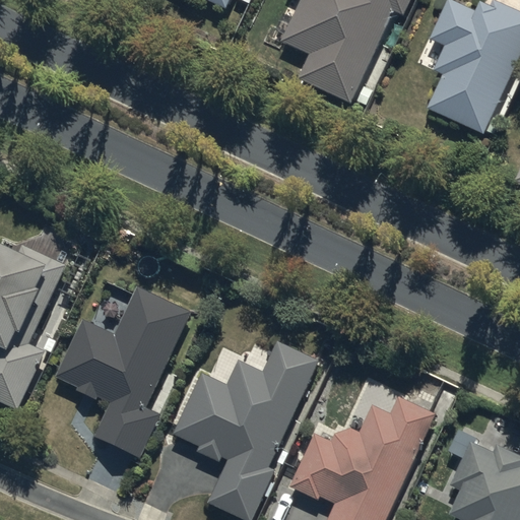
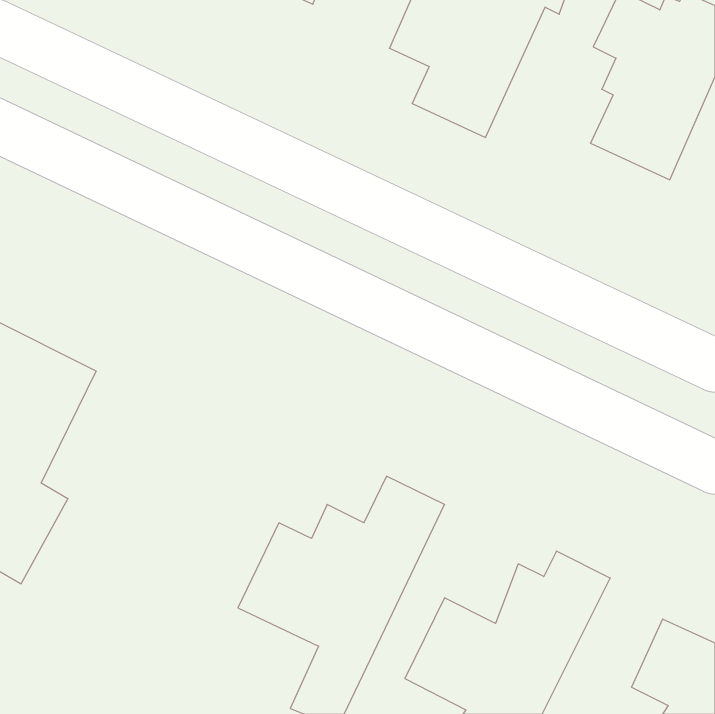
building: [58,295,191,462] -> none

